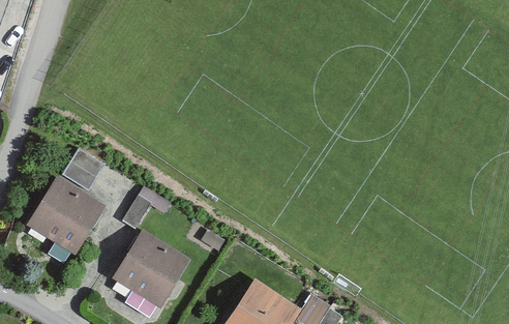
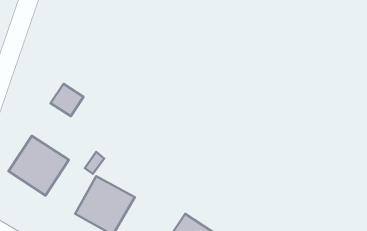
building: [62,151,104,193] -> [51,84,84,116]

